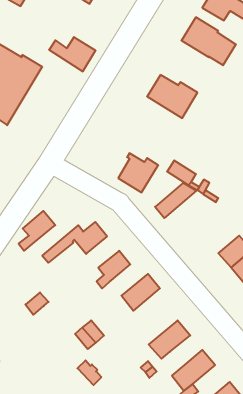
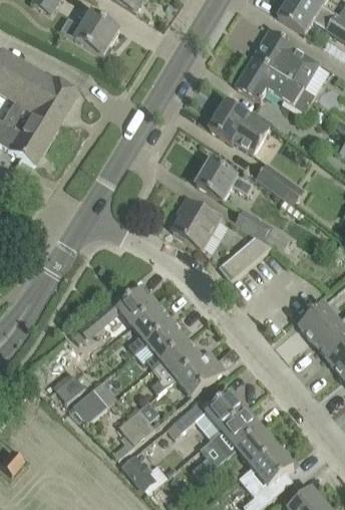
building: [49,37,96,71] -> [61,12,119,55]
building: none -> [236,57,315,111]
building: none -> [196,160,253,200]
building: none -> [255,163,304,206]
building: [19,211,55,251] -> [127,303,174,353]
building: none -> [150,338,210,393]
building: none -> [72,388,108,422]
building: none -> [167,390,247,439]
building: none -> [238,428,278,467]

